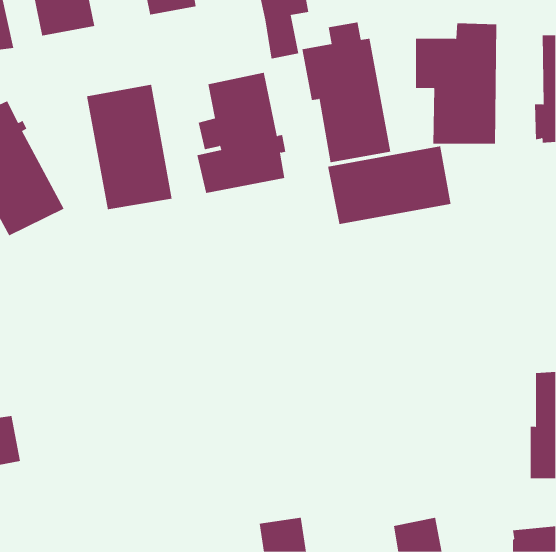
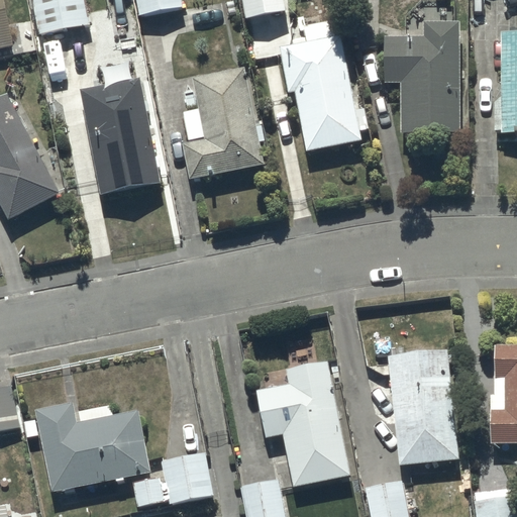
building: [328,145,451,225] -> none
building: none -> [387,349,458,467]
building: none -> [255,360,351,487]
building: none -> [22,403,150,492]
building: none -> [131,451,212,506]

